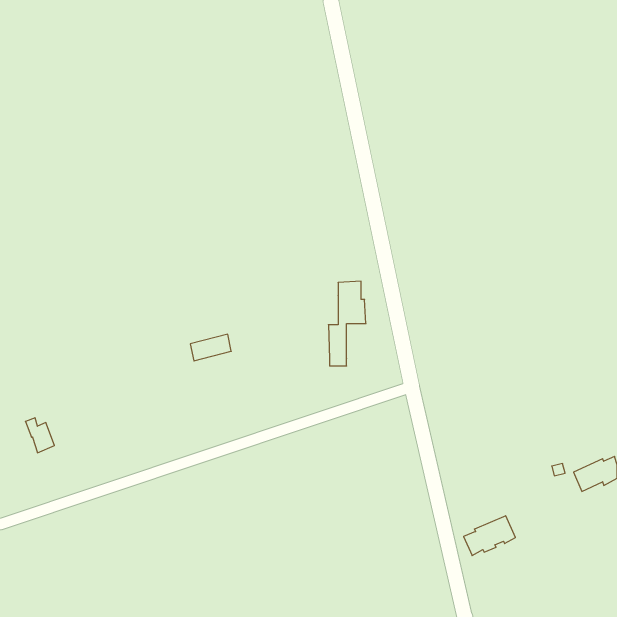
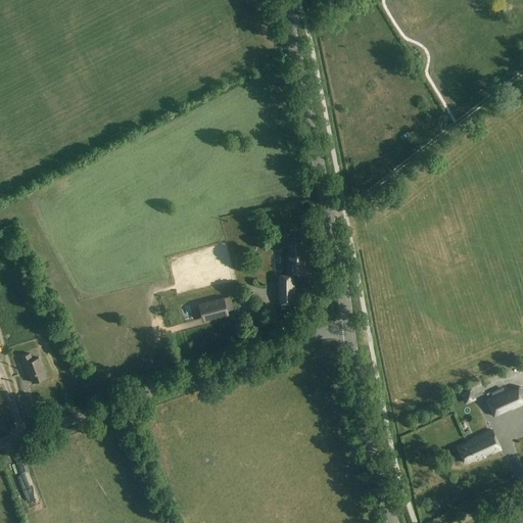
building: [190,334,231,361] -> [198,296,233,319]
building: [464,516,515,556] -> [457,430,501,464]

